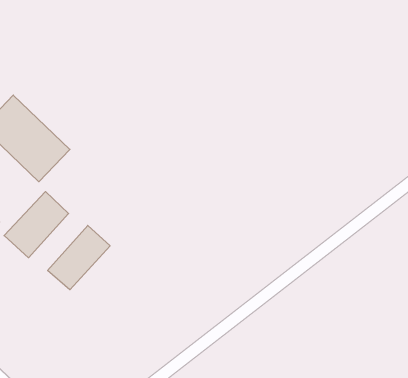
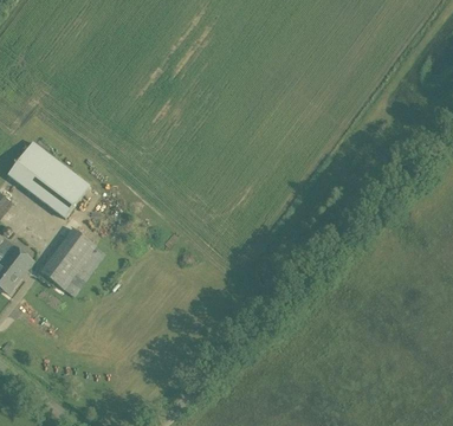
building: [48,225,110,290] -> none

